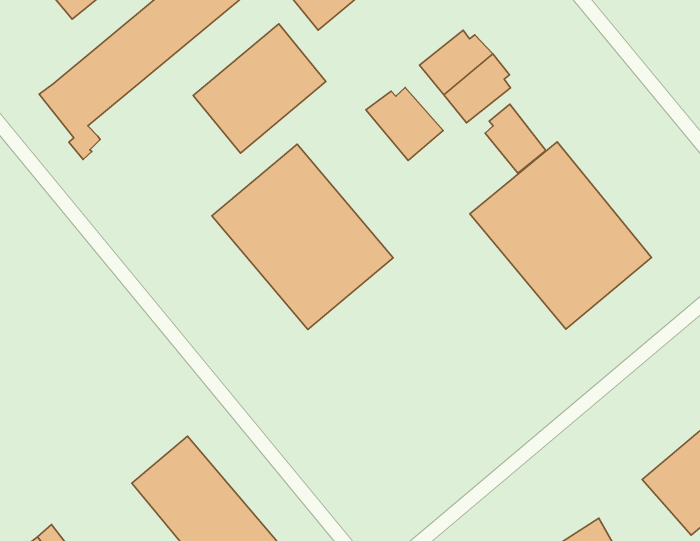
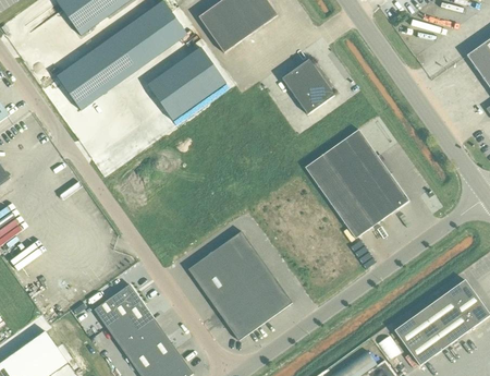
building: [366,87,443,160] -> none
building: [485,104,546,173] -> none
building: [212,144,393,329] -> [187,231,292,340]

